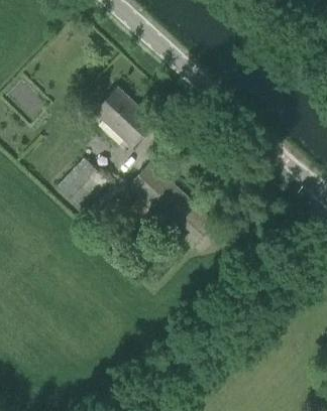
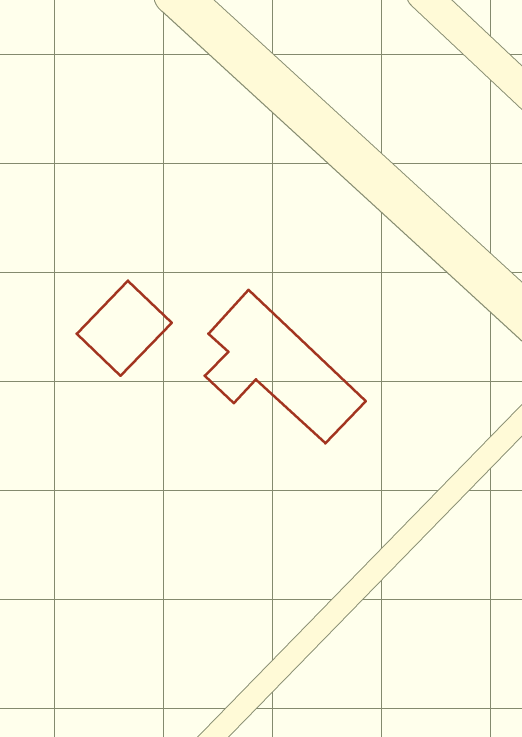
building: [96,88,153,145] -> none

